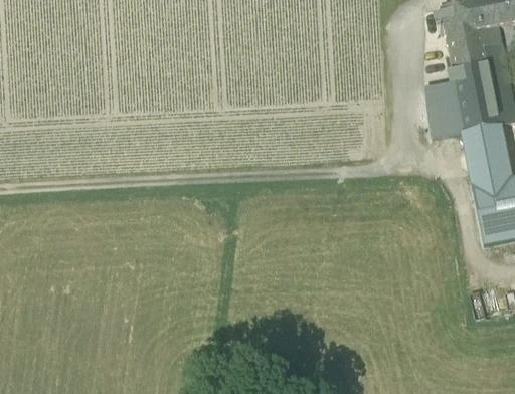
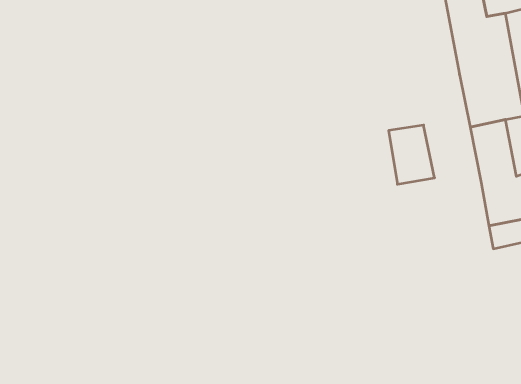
building: [423,83,466,138] -> [389,125,435,184]

